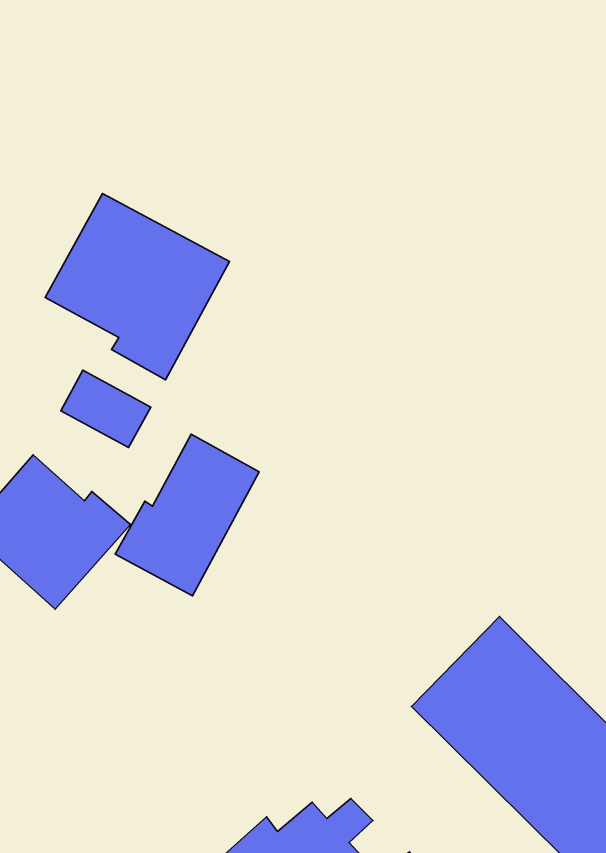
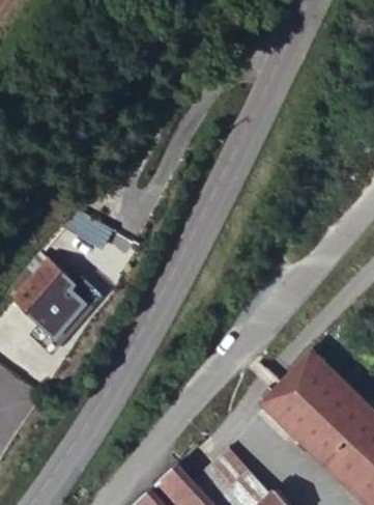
building: [45,193,229,380] -> none
building: [115,434,259,596] -> none

